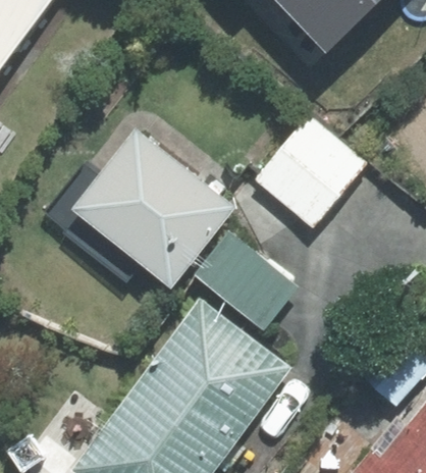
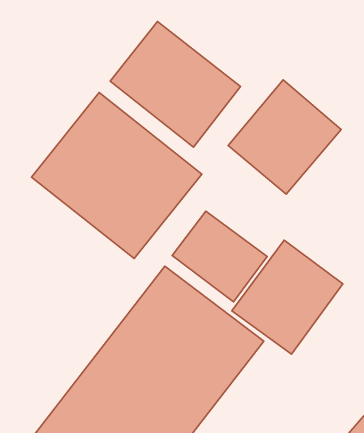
building: none -> [110,21,241,147]
building: none -> [232,240,343,354]

